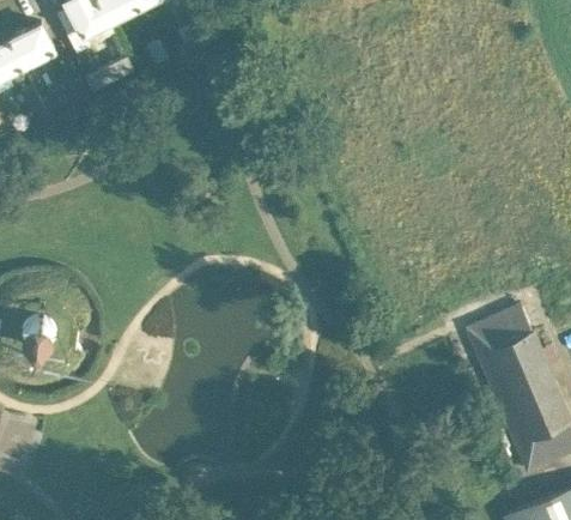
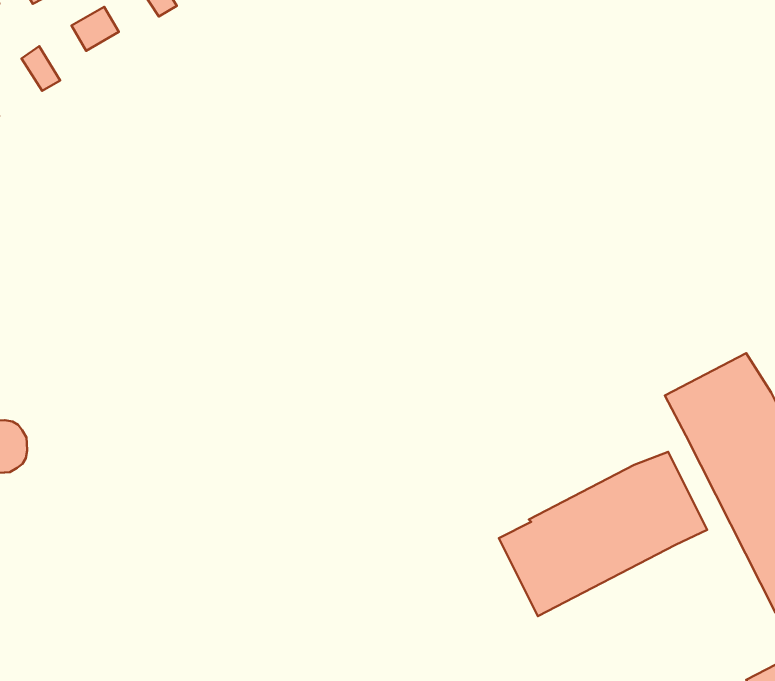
building: none -> [499,452,707,616]

